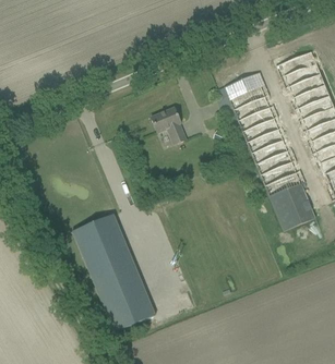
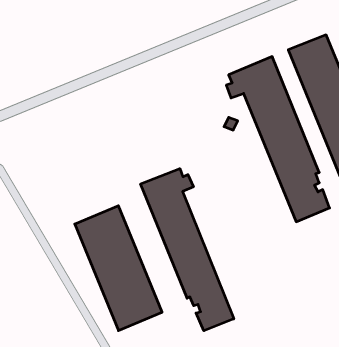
building: [151,108,187,145] -> none
building: none -> [141,169,234,331]

